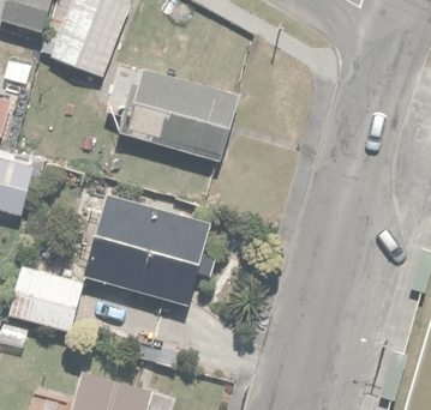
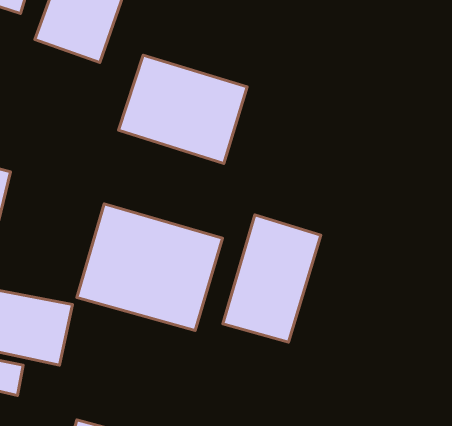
building: none -> [223,215,321,342]

